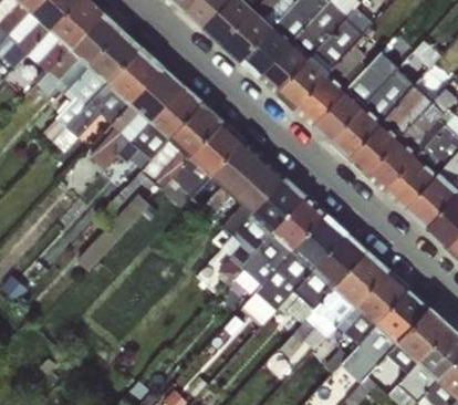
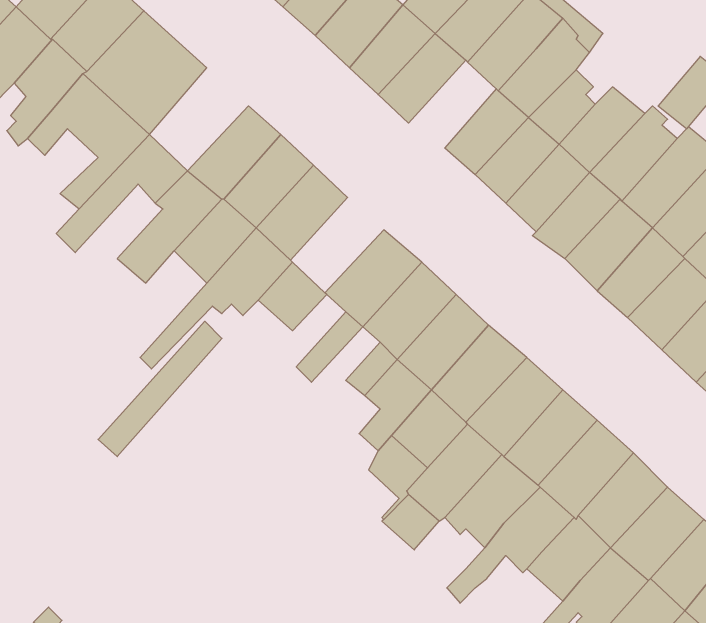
building: [258,41,309,92] -> none
building: [107,45,165,105] -> none
building: [189,121,243,176] -> none

